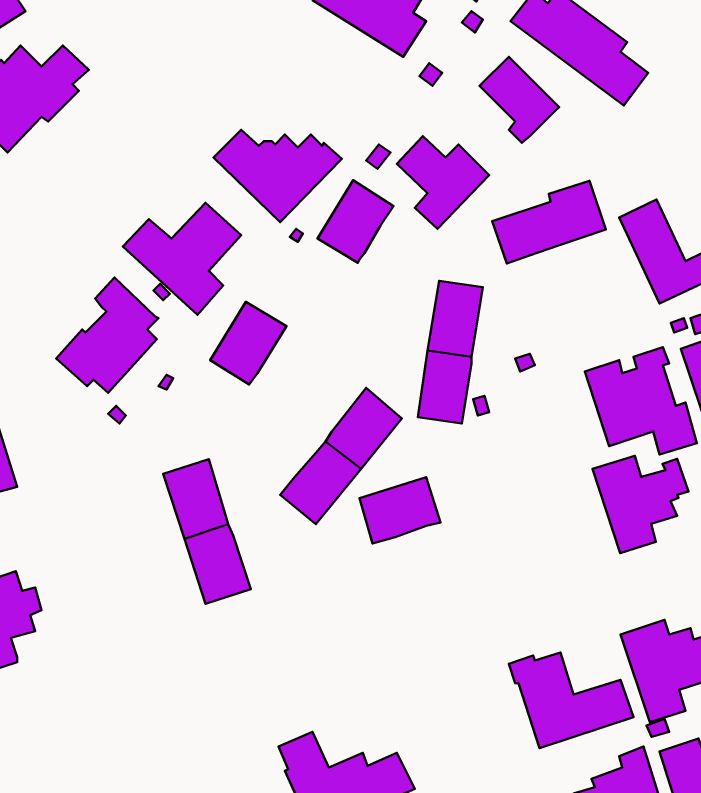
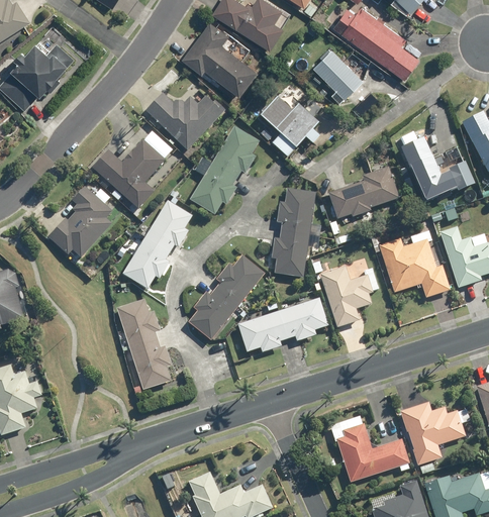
building: none -> [181,22,257,95]
building: [492,181,606,263] -> [328,168,399,219]
building: none -> [190,163,237,215]
building: none -> [122,238,170,291]
building: [593,456,688,553] -> [319,267,379,327]
building: none -> [280,298,328,339]

